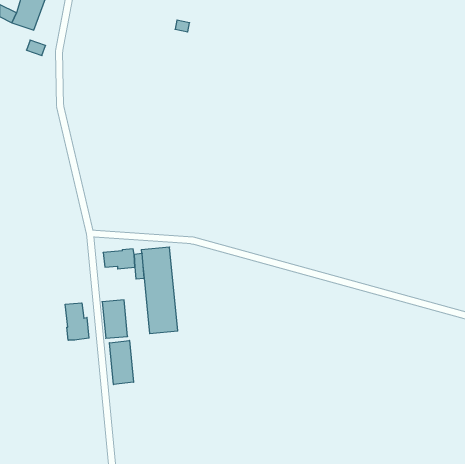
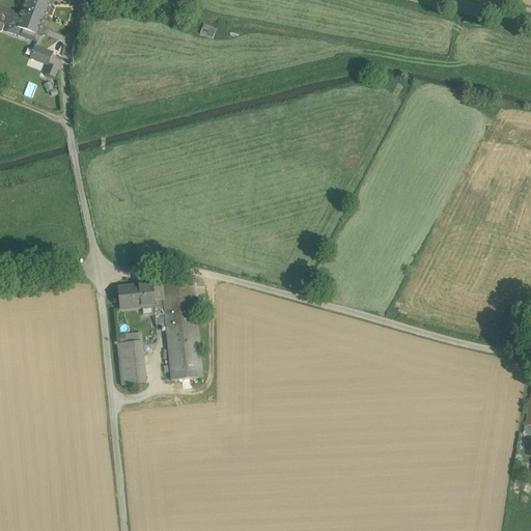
building: [65,303,89,340] -> none
building: [109,340,134,385] -> none

